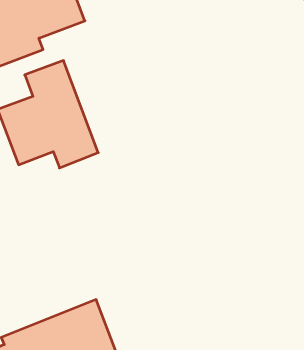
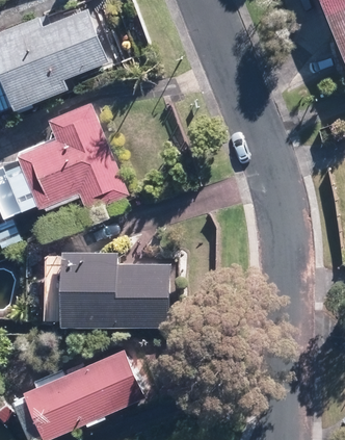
building: none -> [48,248,170,330]

